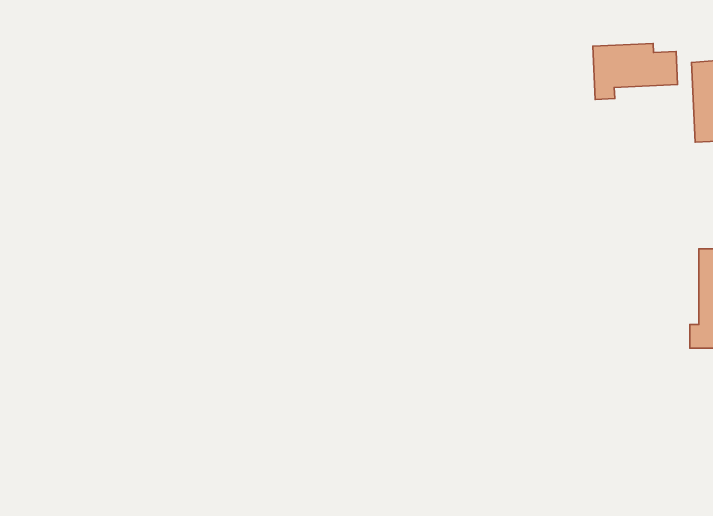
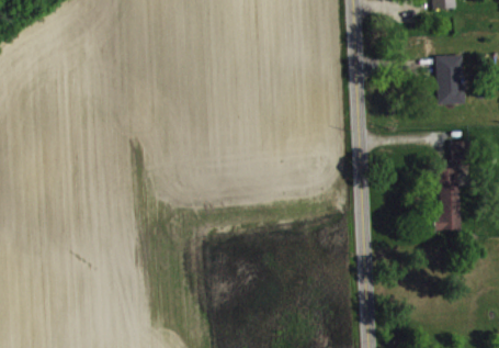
building: [593,44,678,99] -> none

